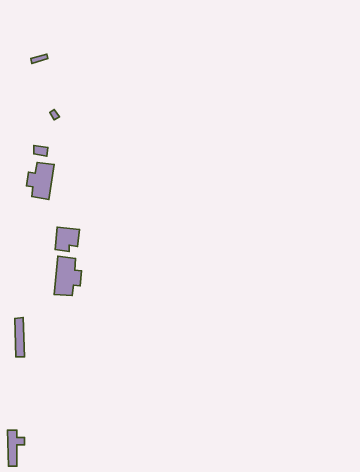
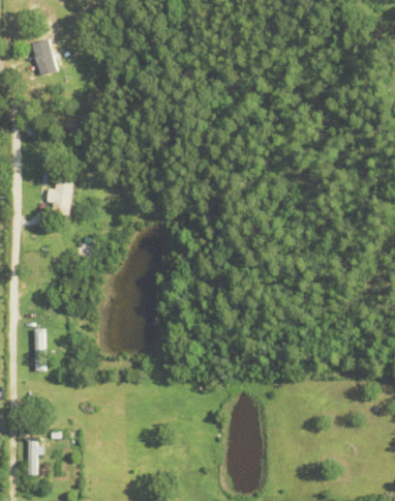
building: none -> [30,38,57,76]
building: [54,256,82,295] -> none

